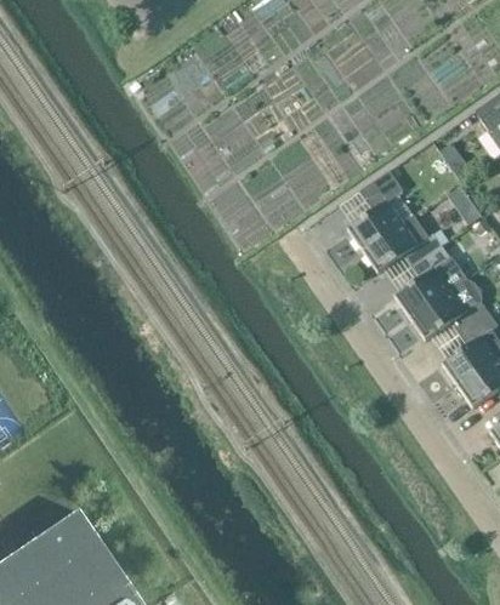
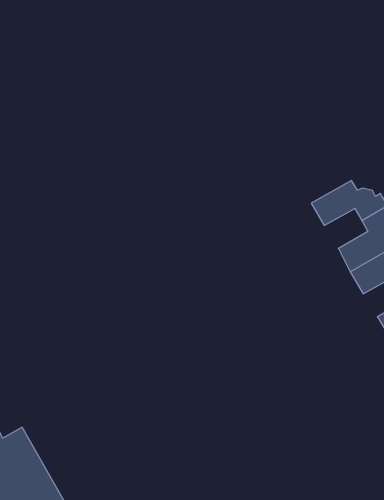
building: [347,171,403,251] -> none

